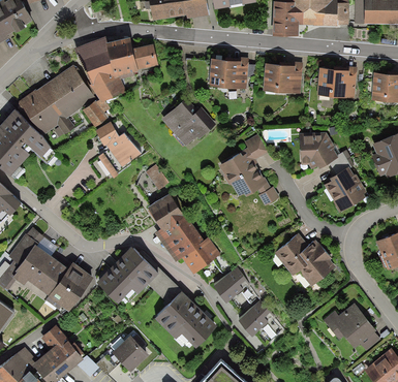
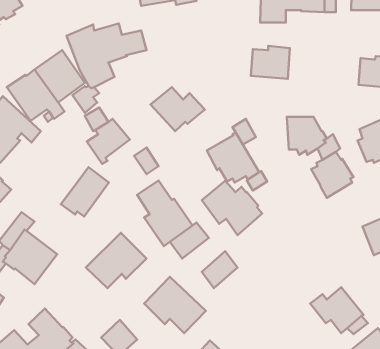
building: [209,55,248,89] -> none
building: [316,64,357,97] -> none
building: [274,232,335,287] -> [202,181,262,235]
building: [44,262,93,312] -> [61,167,109,216]
building: [238,299,274,338] -> none

